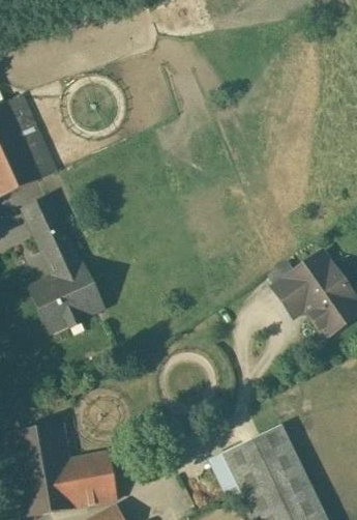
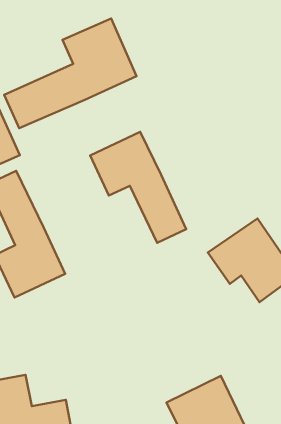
building: none -> [4,19,137,128]
building: none -> [90,132,186,243]

